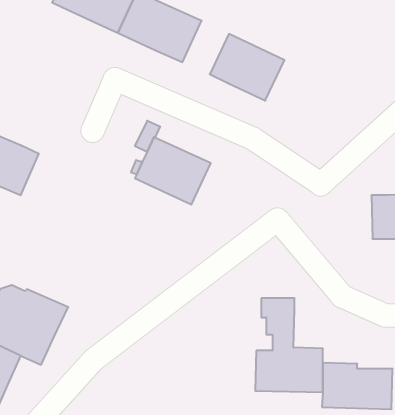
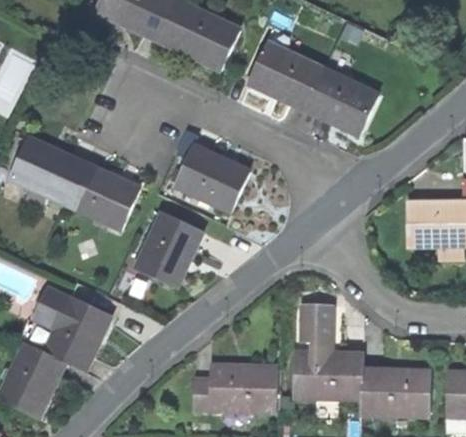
building: none -> [305,70,380,137]
building: none -> [63,163,142,229]
building: none -> [135,212,203,288]
building: none -> [196,367,281,412]

